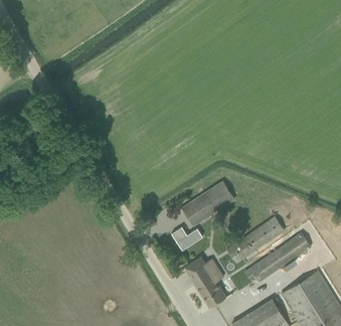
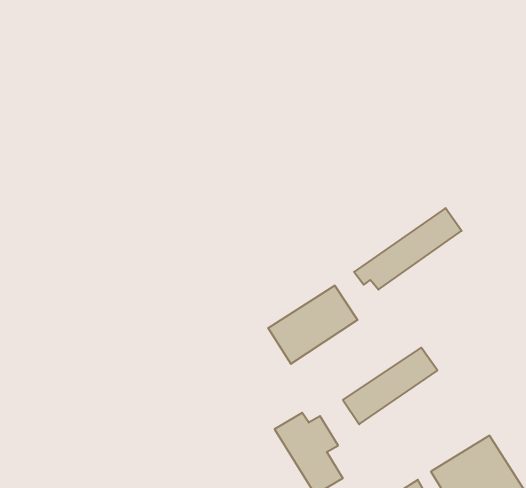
building: [172,226,203,250] -> none
building: [245,231,312,282] -> [354,208,462,290]

